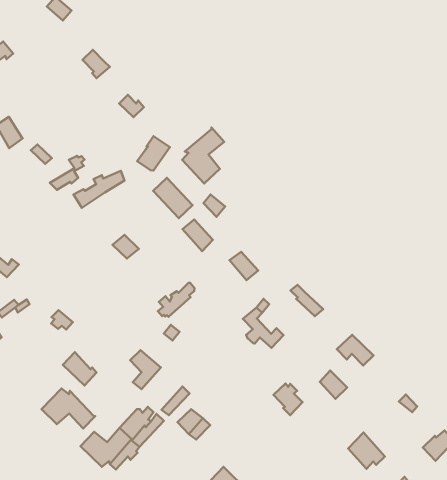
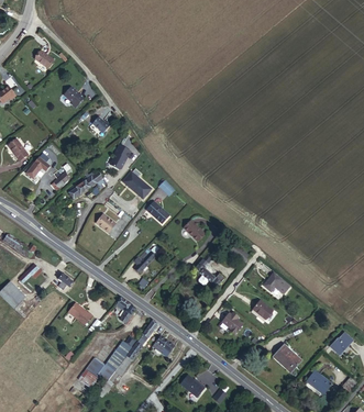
building: [182,128,224,183] -> none
building: [42,388,95,428] -> none

